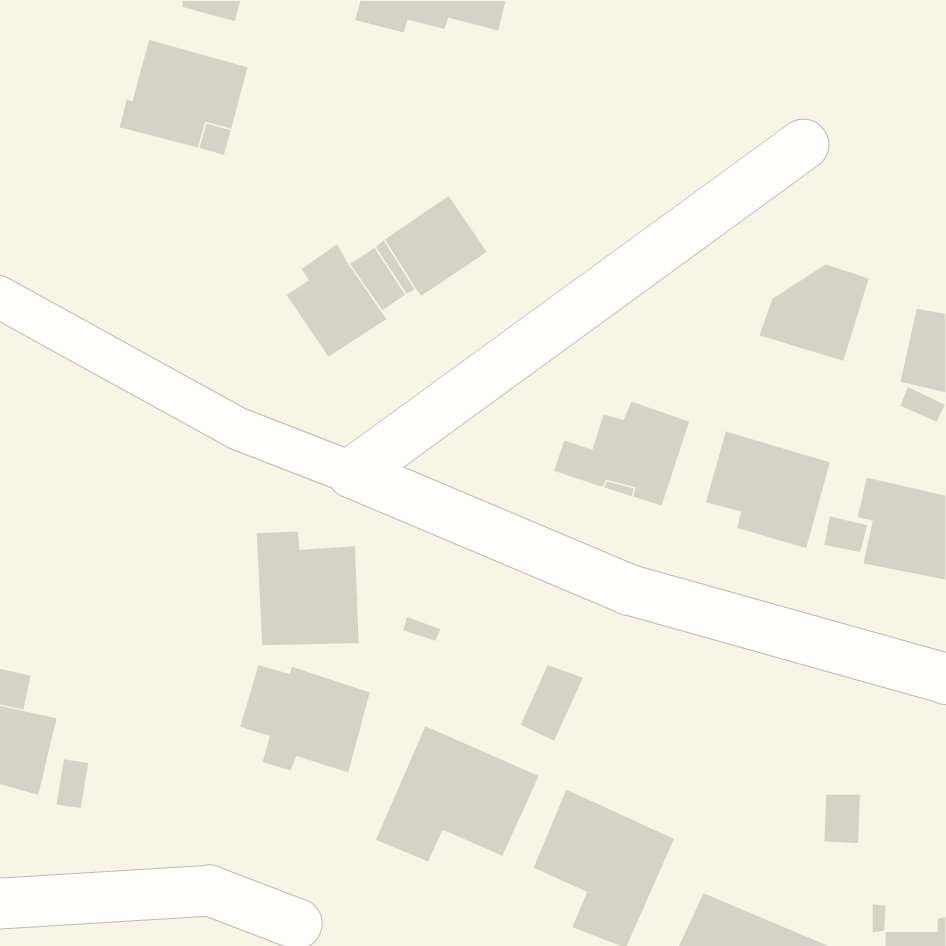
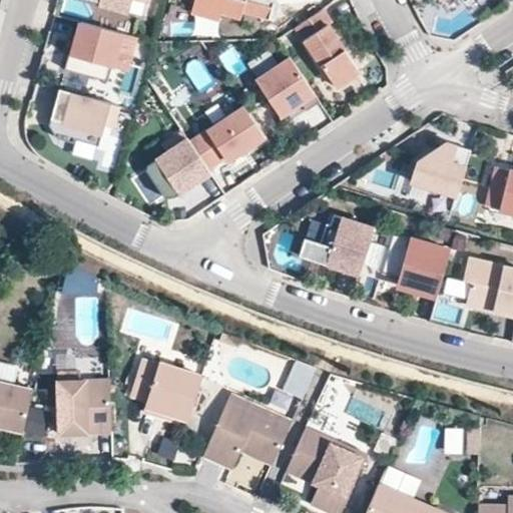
building: none -> [295,10,358,87]
building: none -> [255,58,319,116]
building: none -> [48,89,117,146]
building: [256,531,360,646] -> [55,370,111,432]

